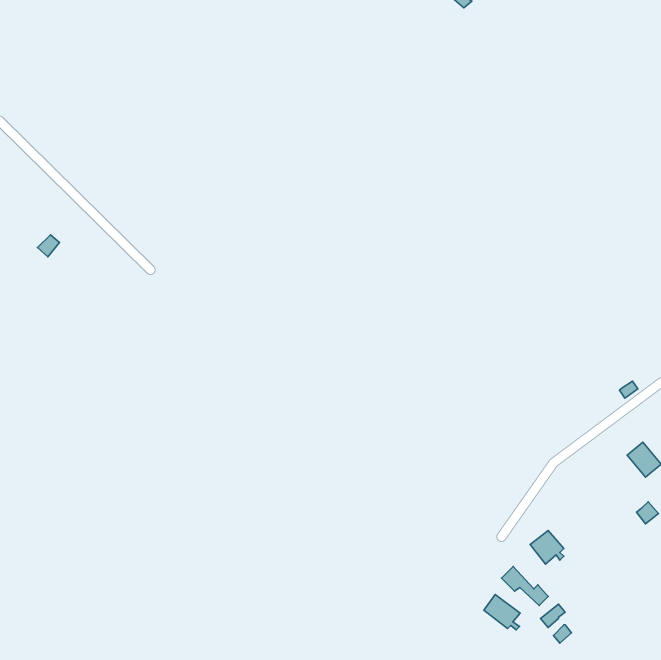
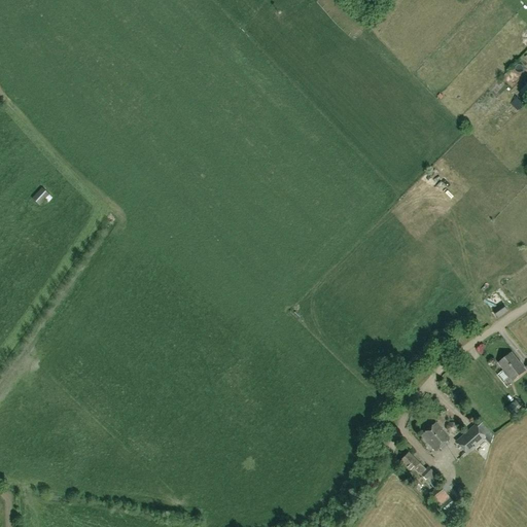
building: none -> [455,424,485,453]
building: [484,595,520,630] -> none

